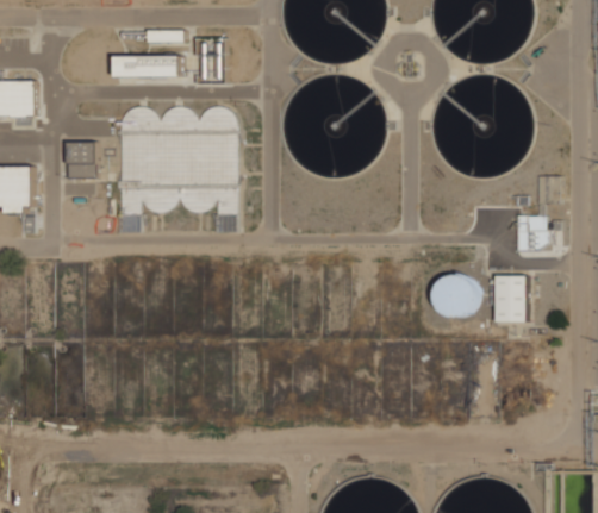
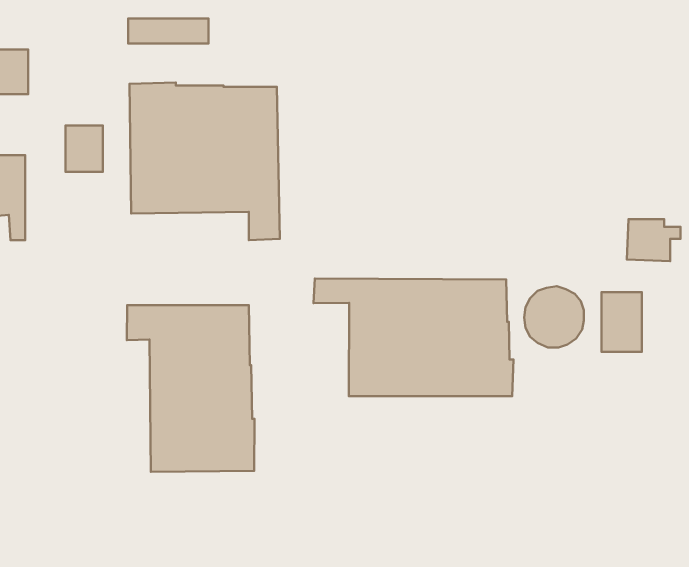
building: none -> [314,278,513,396]
building: none -> [127,305,254,472]

